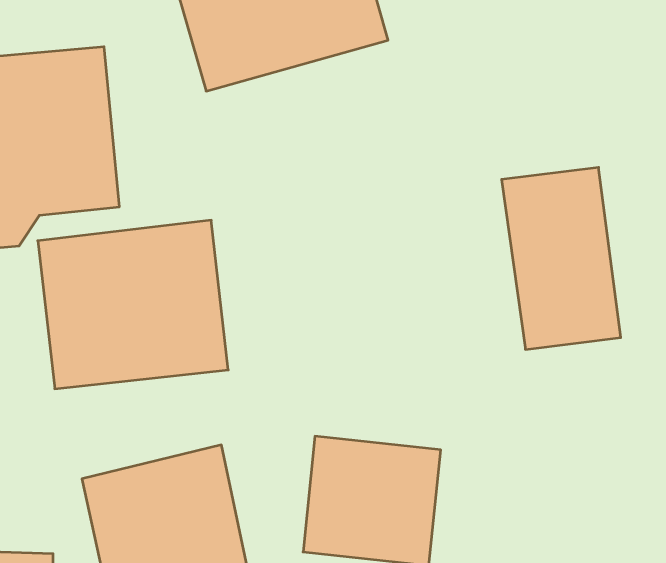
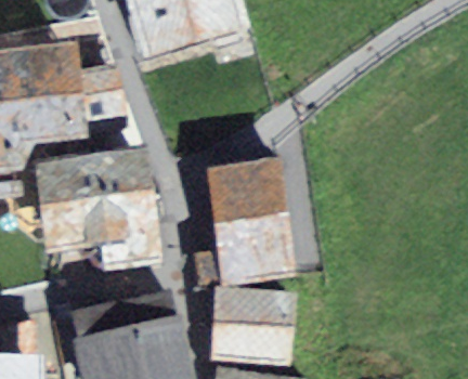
building: [502,167,621,349] -> [211,164,287,279]

